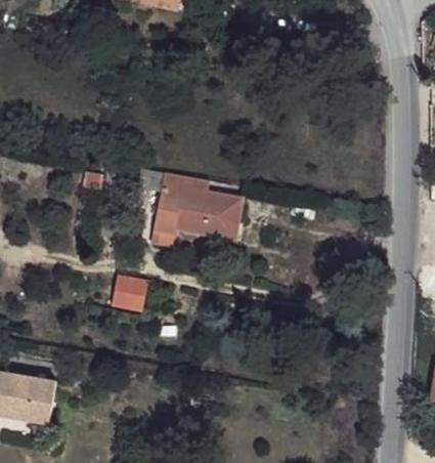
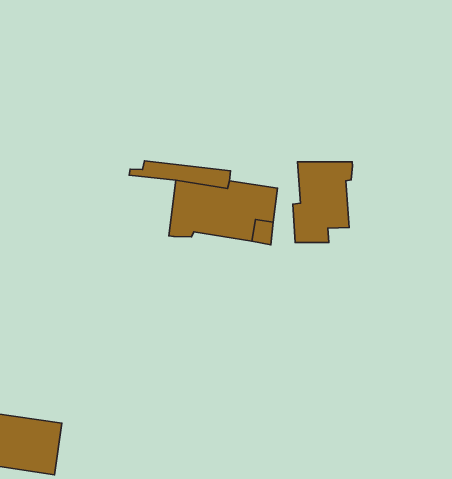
building: none -> [293,162,353,242]
building: [113,276,151,314] -> none

